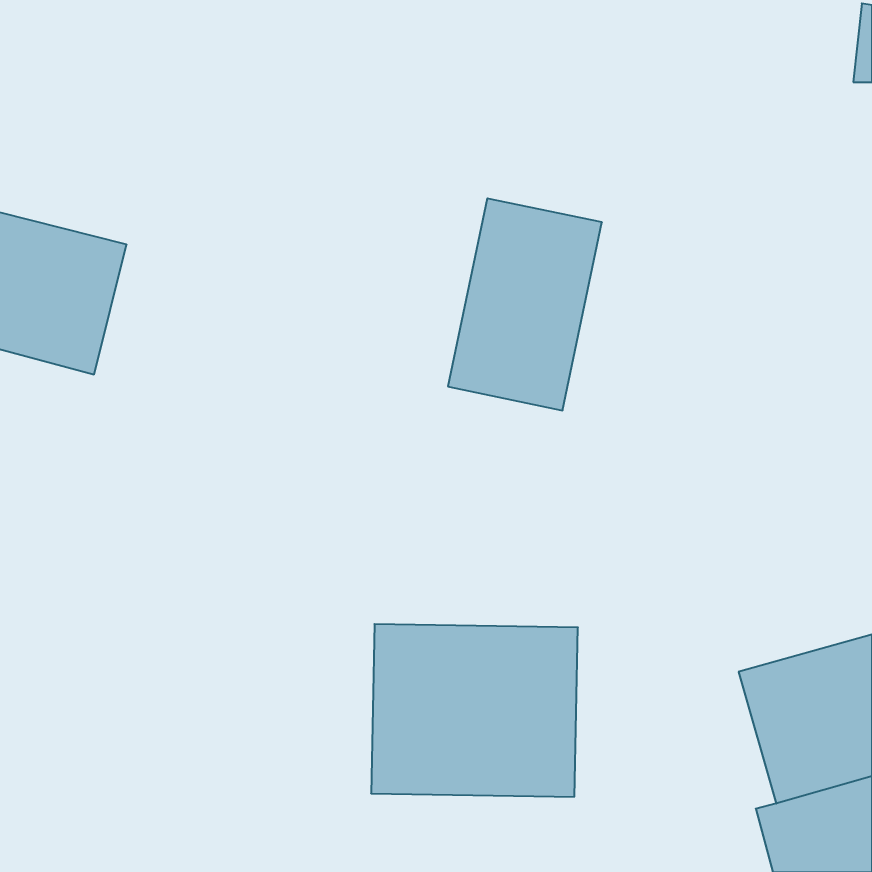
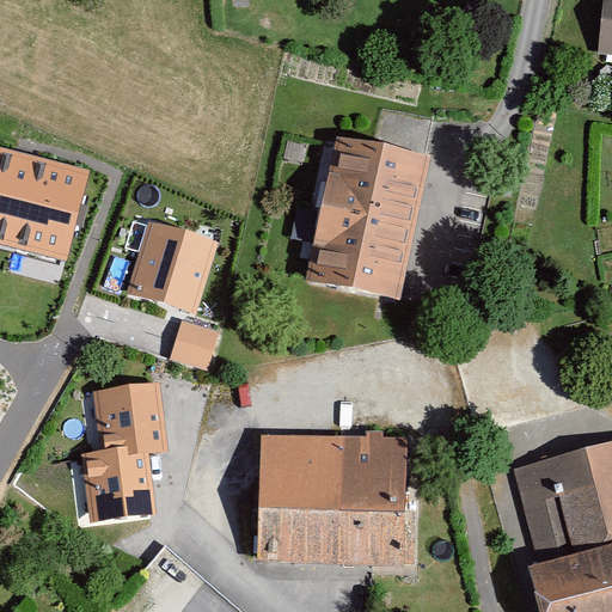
building: none -> [131,225,214,310]
building: none -> [169,320,218,371]
building: none -> [85,386,165,518]

